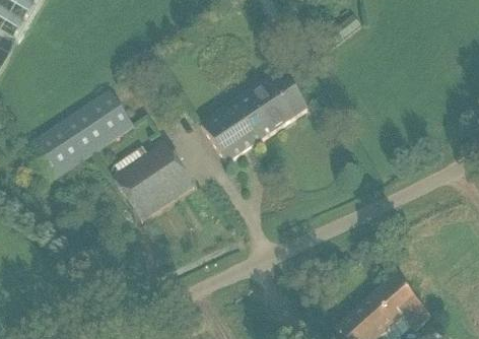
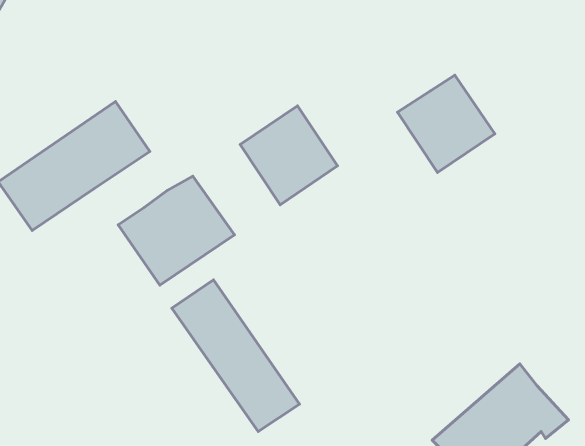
building: [238,65,307,134] -> [397,75,495,173]
building: none -> [172,280,299,432]

